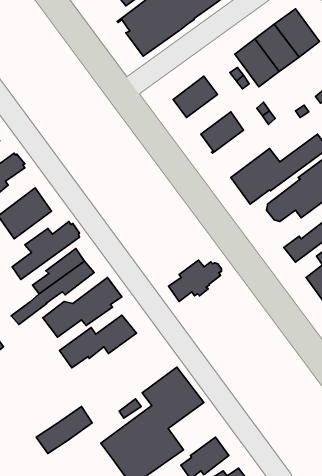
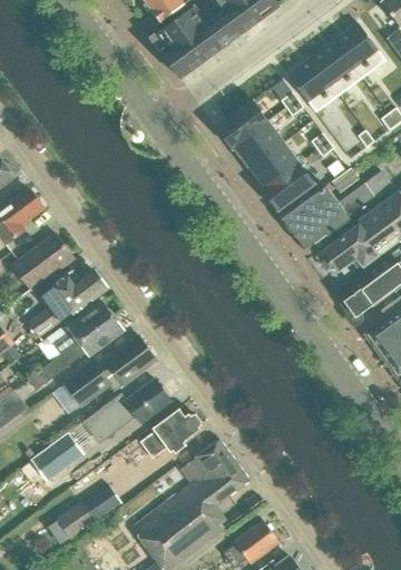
building: none -> [231,124,282,169]
building: none -> [261,165,312,213]
building: [169,260,222,301] -> [140,411,202,459]
building: none -> [31,431,86,481]

